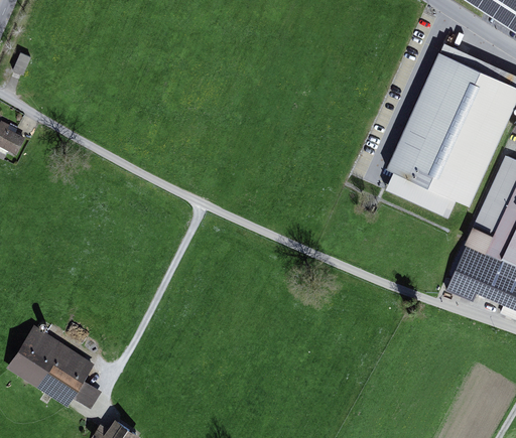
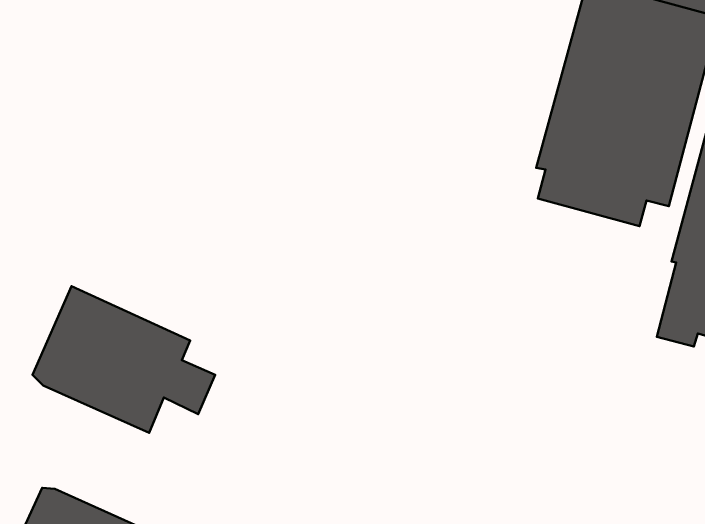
building: none -> [33,286,215,433]

